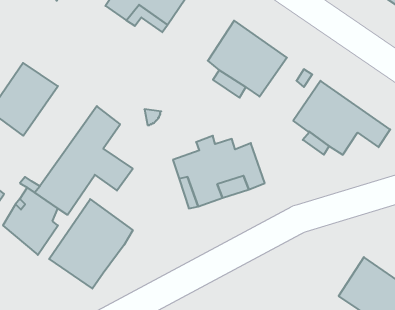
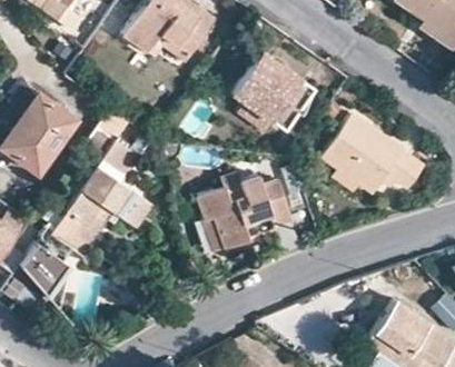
building: [49,199,133,289] -> none

